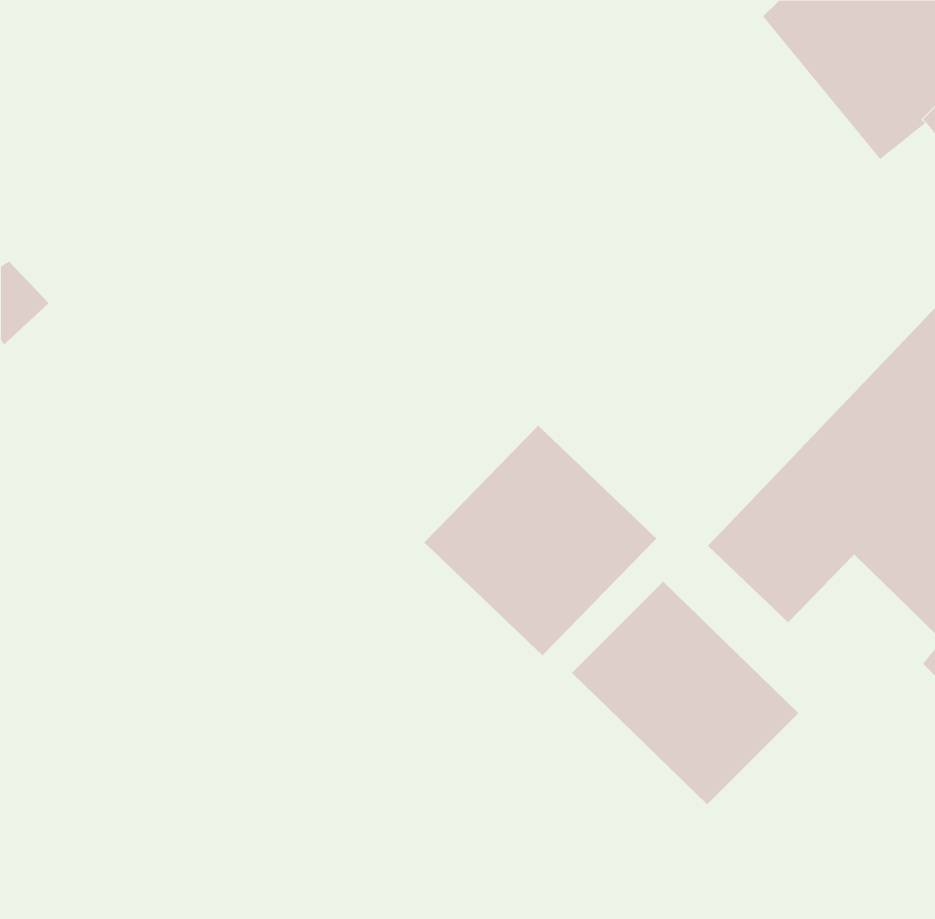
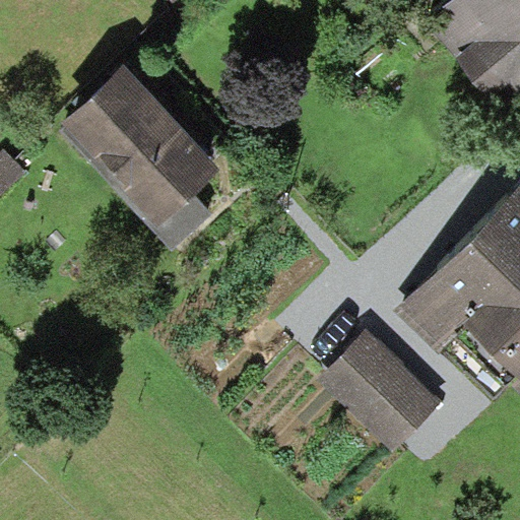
building: none -> [63,57,221,253]
building: [424,425,657,656] -> none

